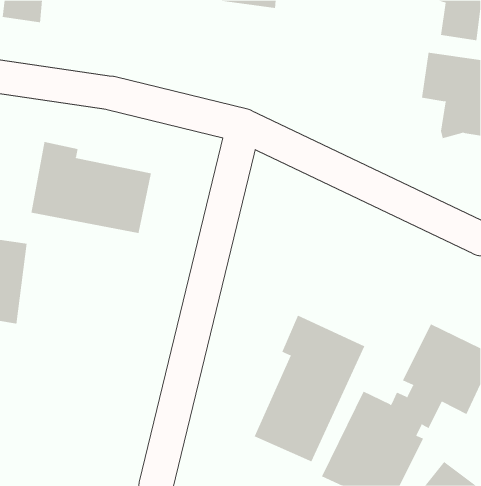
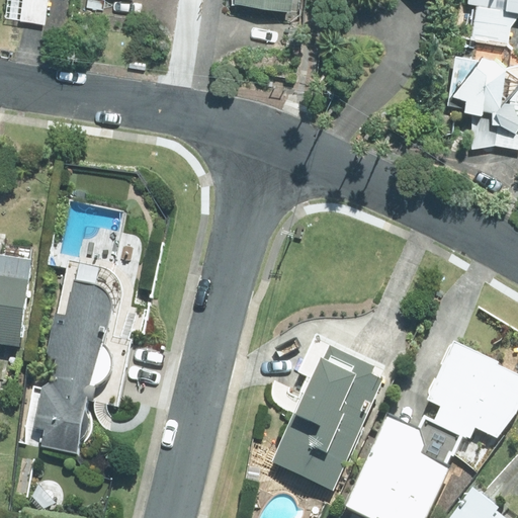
building: [31,141,151,234] -> none
building: none -> [32,285,123,455]

